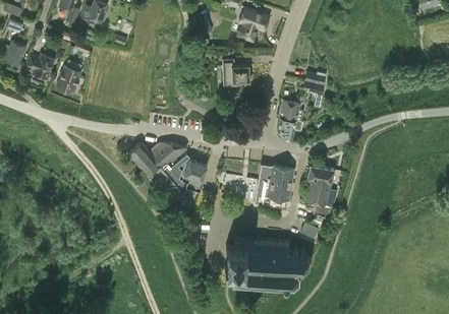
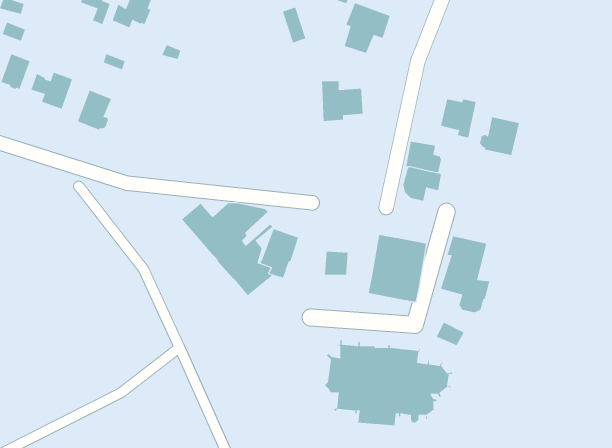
building: none -> [480,116,520,156]

